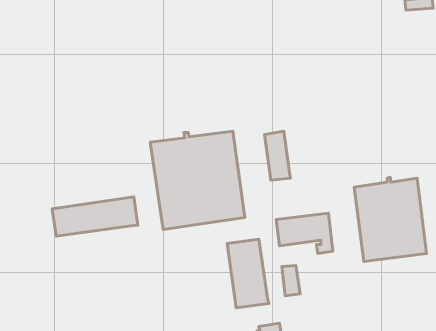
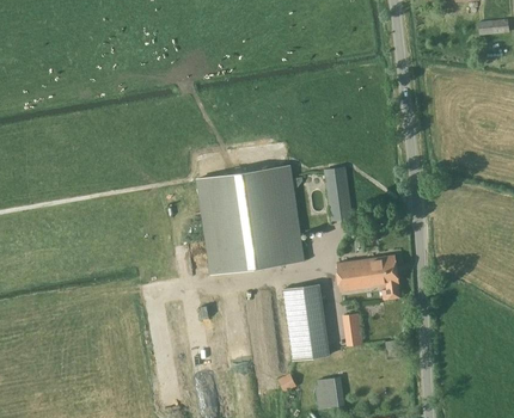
building: [354,177,426,261] -> none
building: [52,197,138,236] -> none

